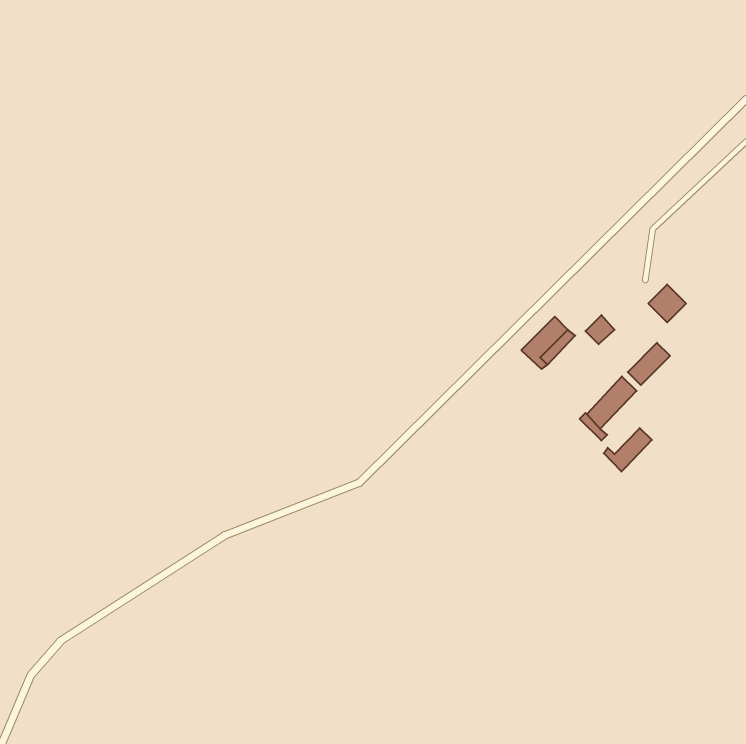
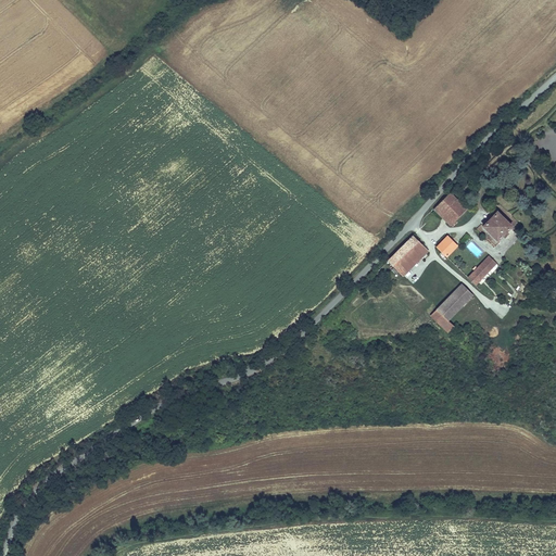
building: none -> [434,192,467,226]
building: [604,428,652,472] -> none

